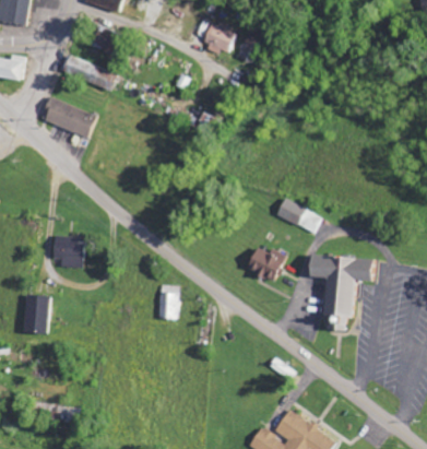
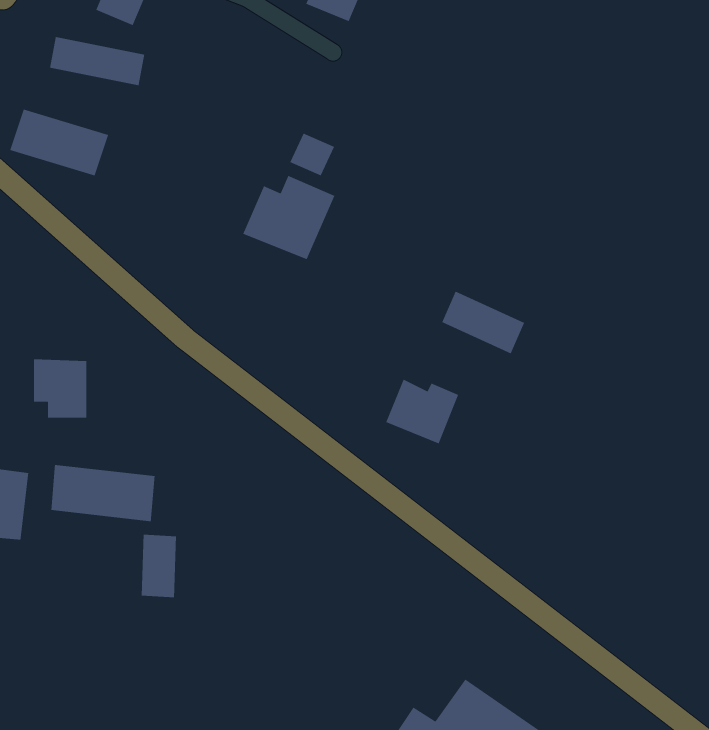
building: none -> [242,175,335,260]
building: [307,253,373,329] -> none
building: [158,284,178,319] -> [141,534,177,598]
building: none -> [50,464,156,522]

